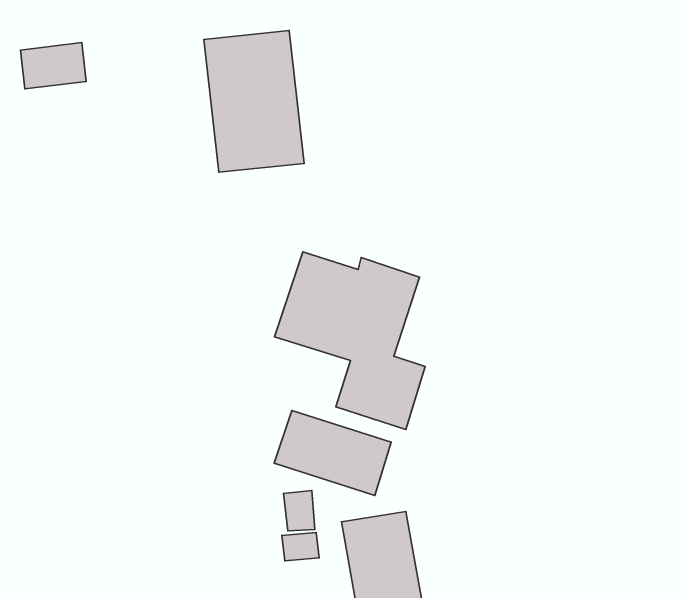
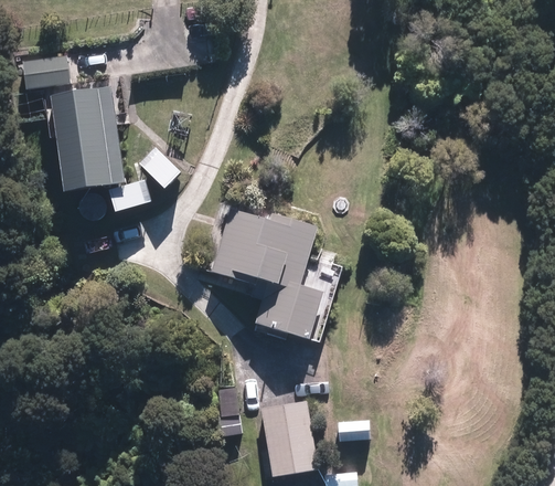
building: [204,30,304,172] -> [51,91,125,196]
building: [274,410,391,495] -> none

